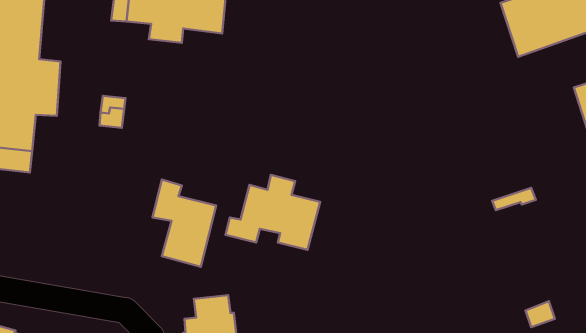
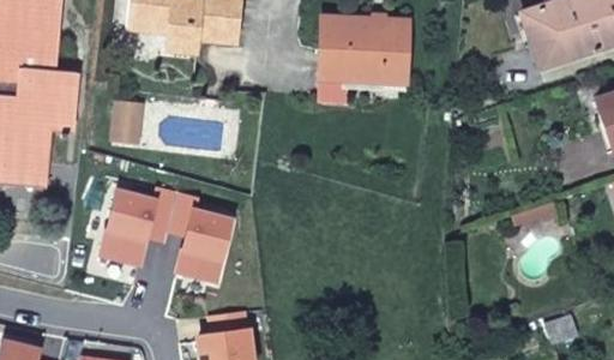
building: none -> [318,17,408,103]
building: [226,175,320,250] -> none
building: none -> [101,187,177,264]

